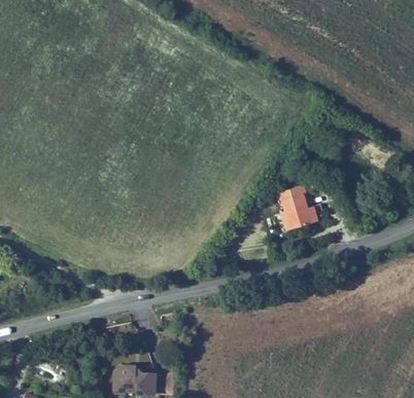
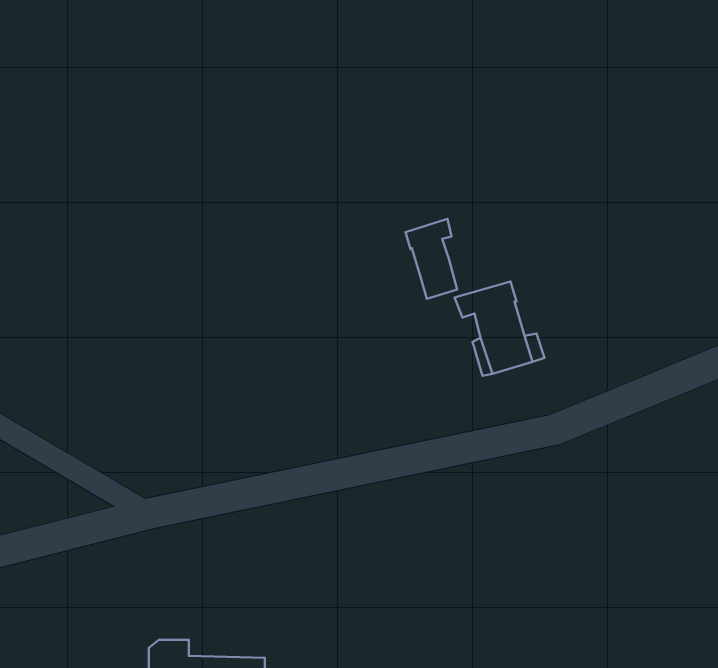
building: none -> [405,219,457,299]

